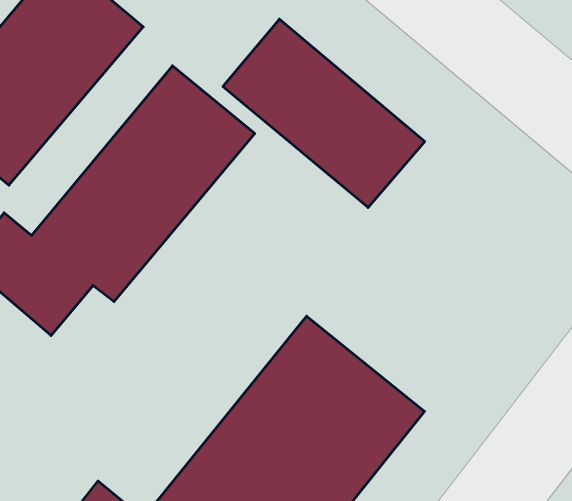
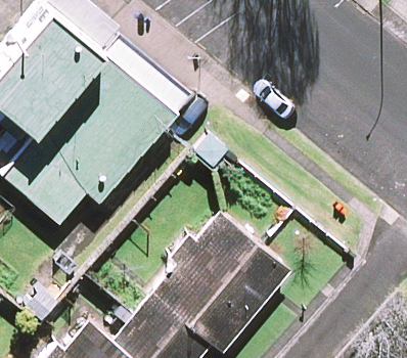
building: [223,19,425,208] -> none

